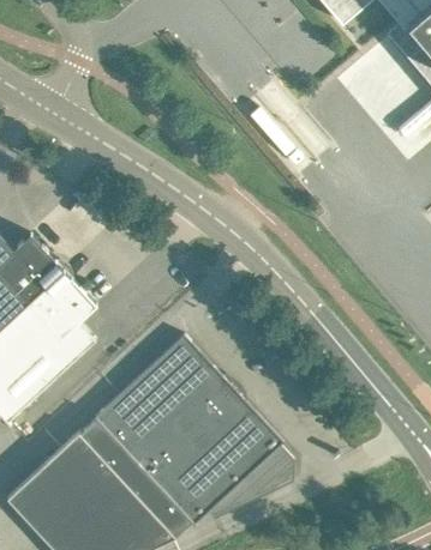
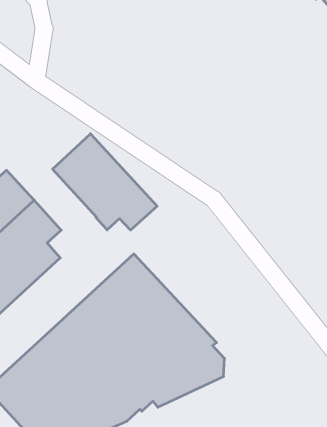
building: none -> [53,134,157,230]

